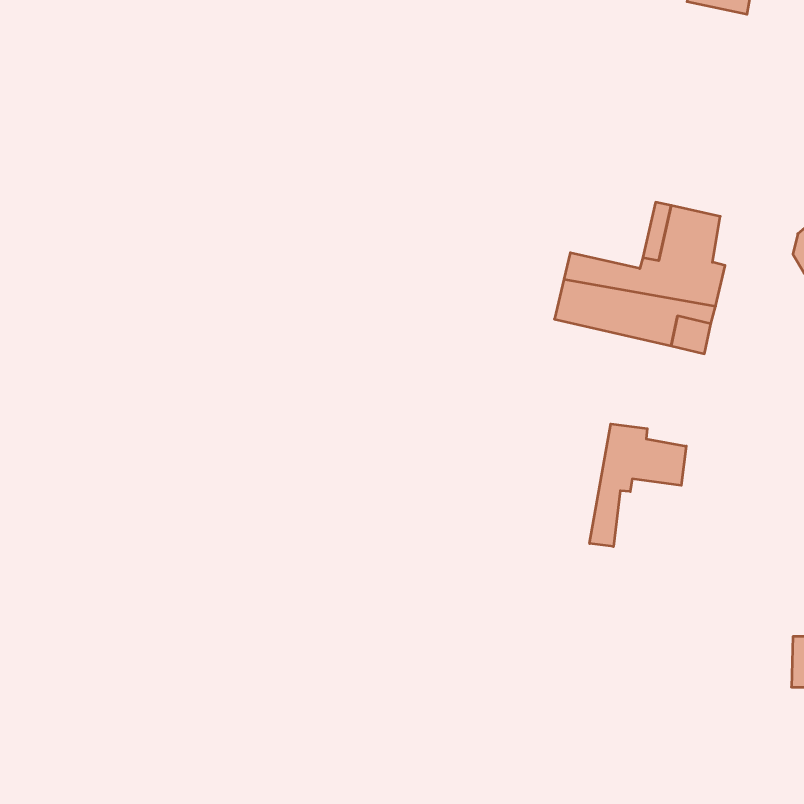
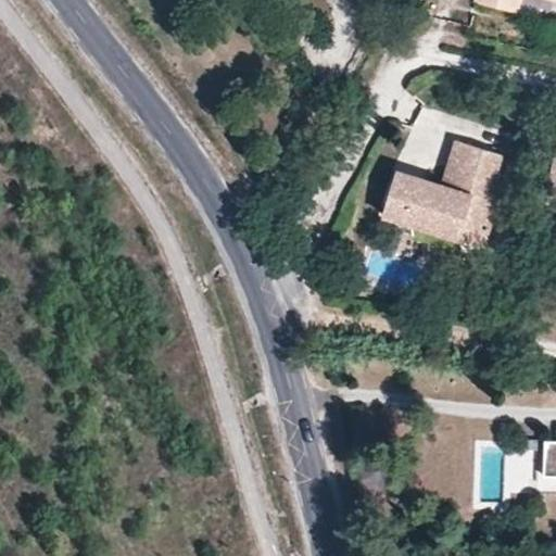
building: [590,424,686,547] -> none

